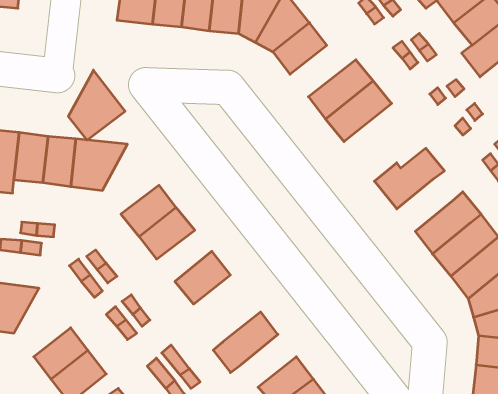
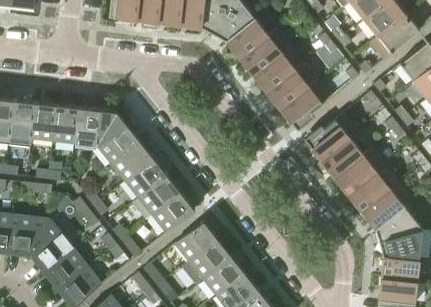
building: none -> [239,30,289,75]
building: [68,70,125,140] -> [97,111,140,164]
building: none -> [280,80,330,130]
building: none -> [320,137,362,177]
building: none -> [132,176,180,220]
building: none -> [30,220,73,272]
building: none -> [174,221,217,261]
building: none -> [202,255,244,295]

